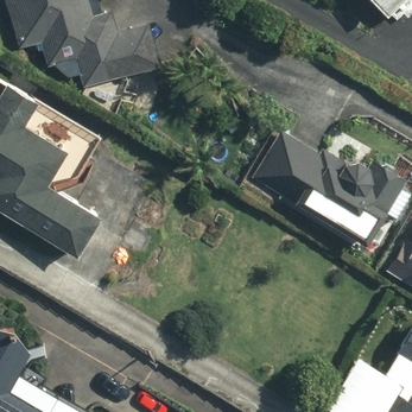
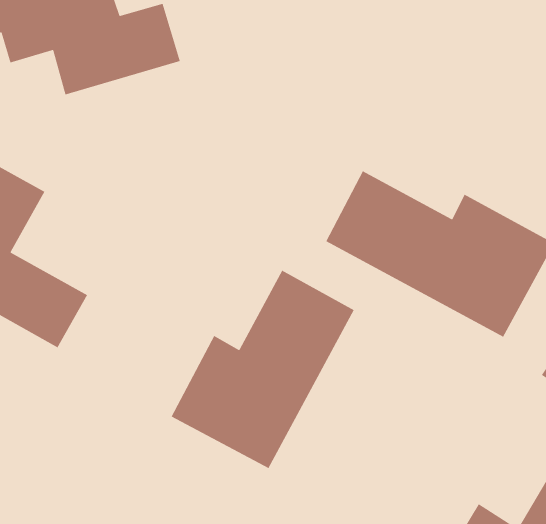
building: none -> [170,270,355,469]

